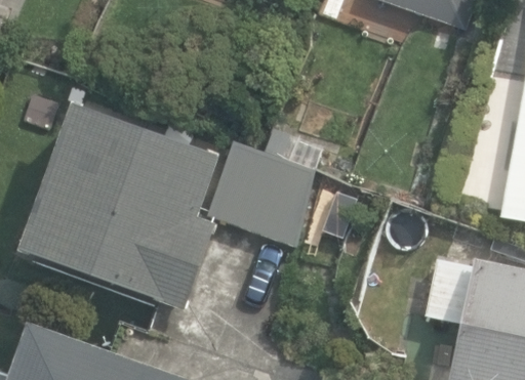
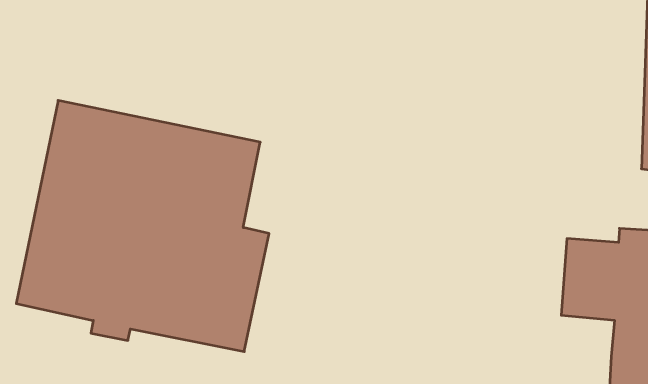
building: [209,144,315,247] -> none

